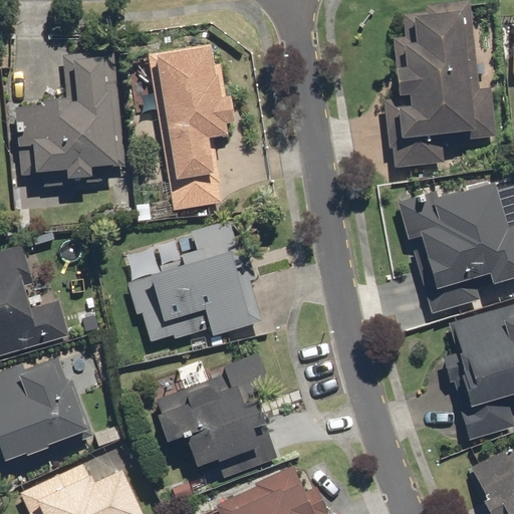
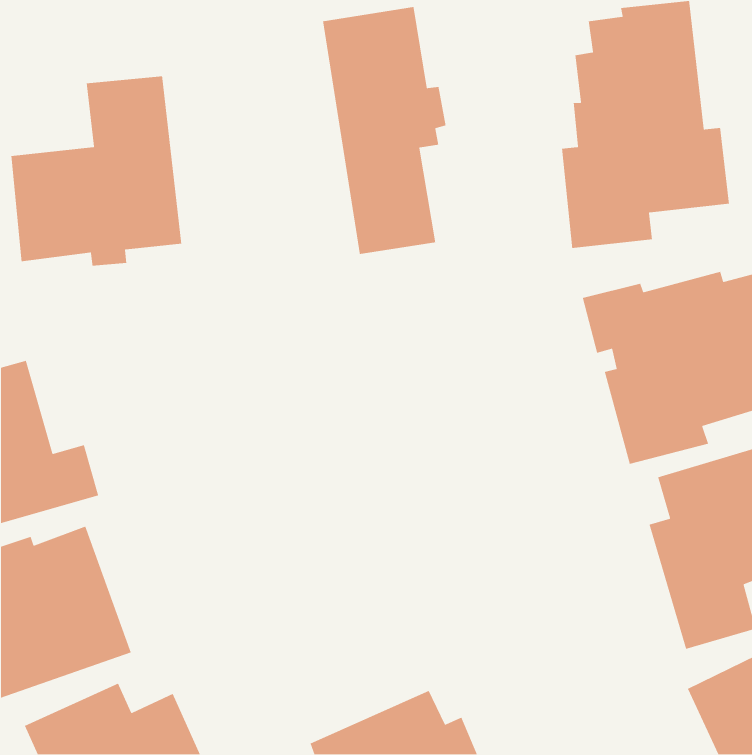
building: [148,43,232,212] -> [322,6,447,255]
building: [125,220,262,344] -> none
building: [148,353,275,476] -> none

